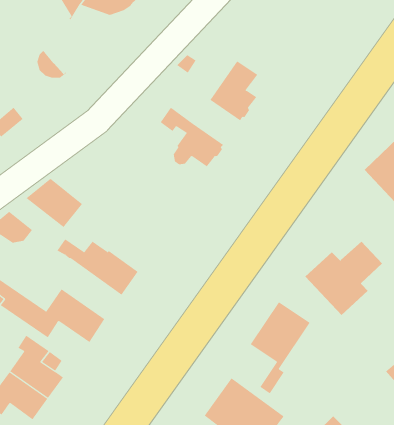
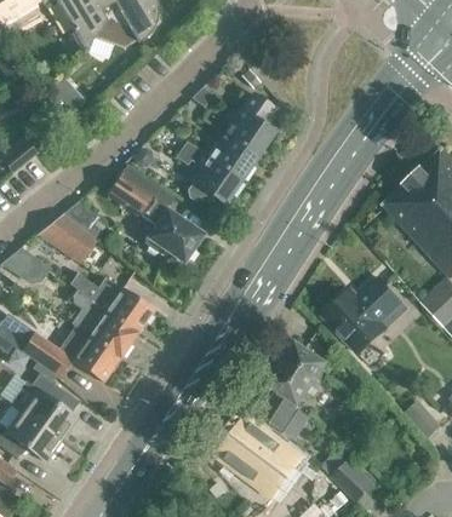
building: none -> [207,134,256,180]
building: none -> [105,163,200,262]
building: none -> [62,201,107,241]
building: none -> [70,293,135,358]

